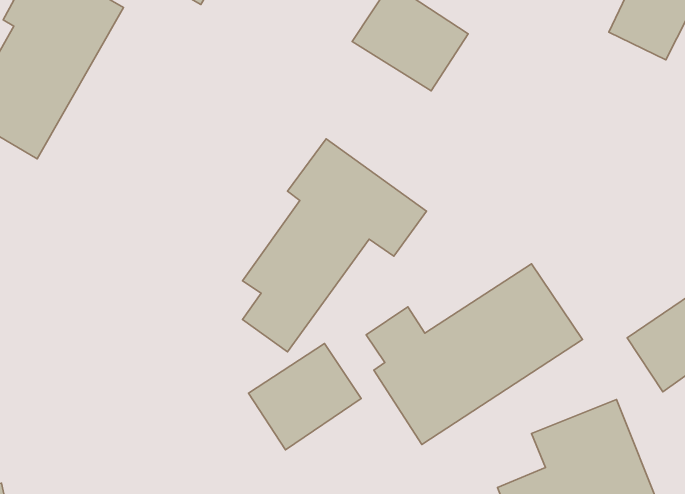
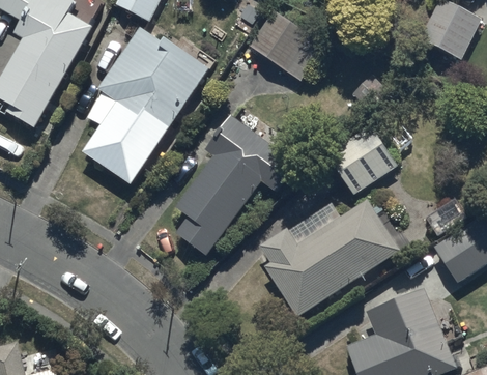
building: none -> [82,25,211,185]
building: none -> [326,125,398,195]
building: [249,343,361,450] -> none

